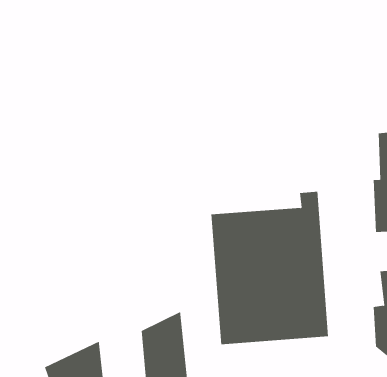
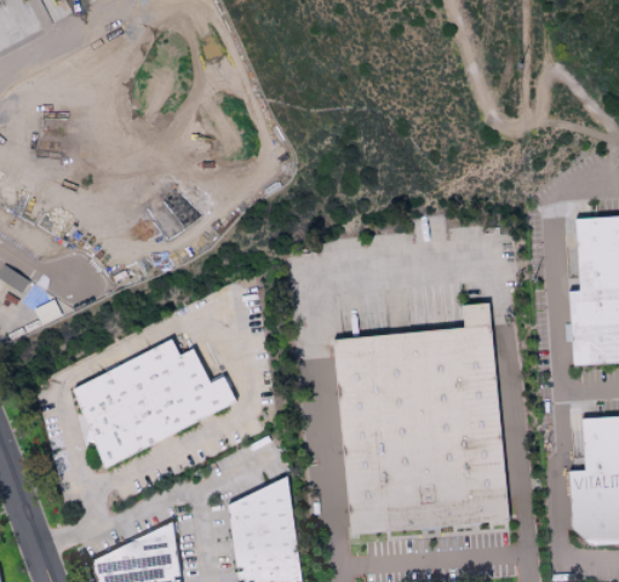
building: none -> [71,340,239,469]

